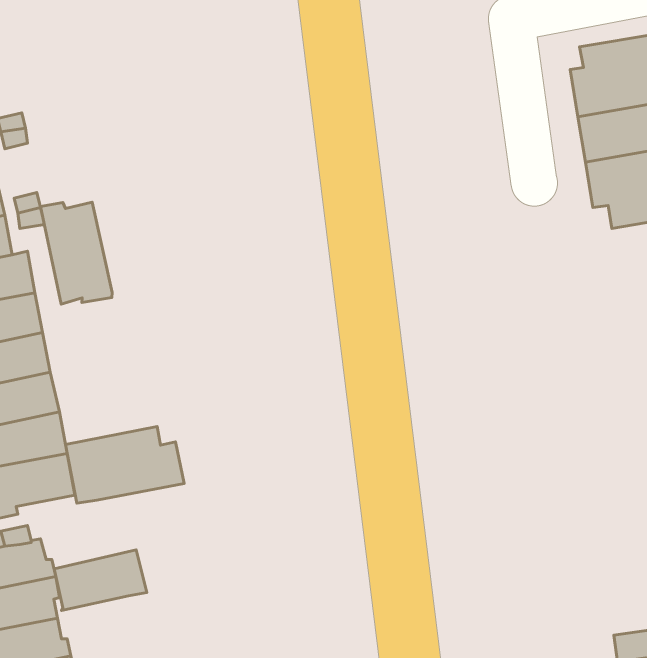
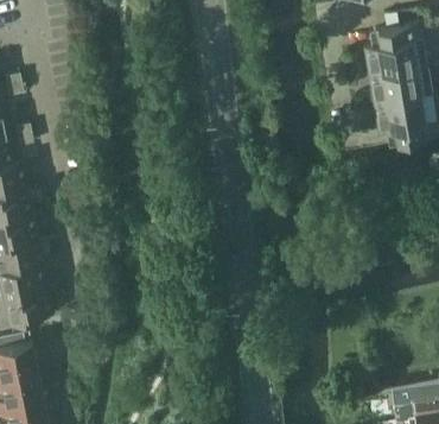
building: [41,202,112,304] -> none
building: [65,427,184,503] -> none
building: [54,550,147,610] -> none

